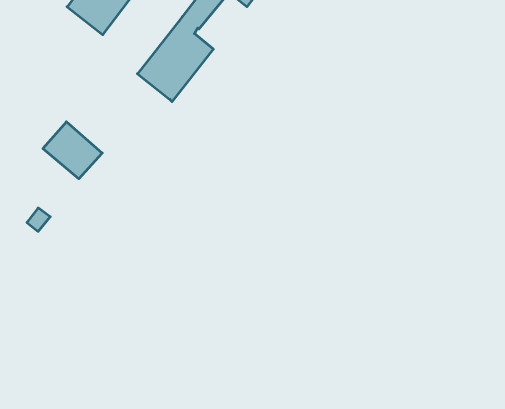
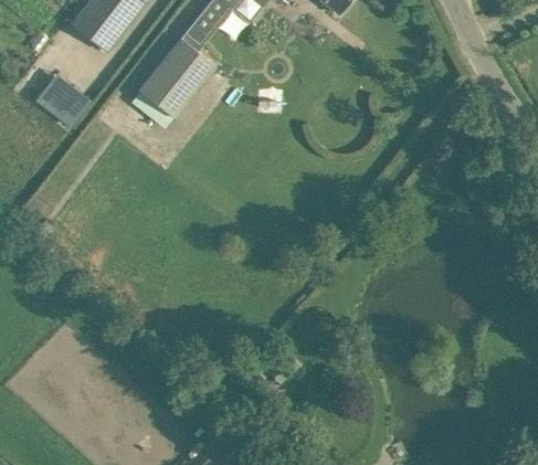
building: [43,122,102,179] -> [31,71,89,127]

